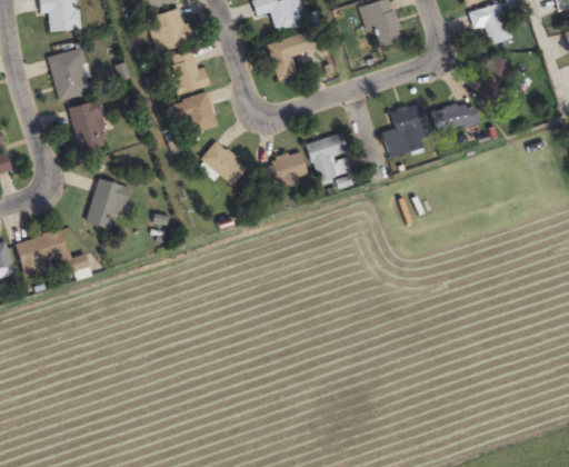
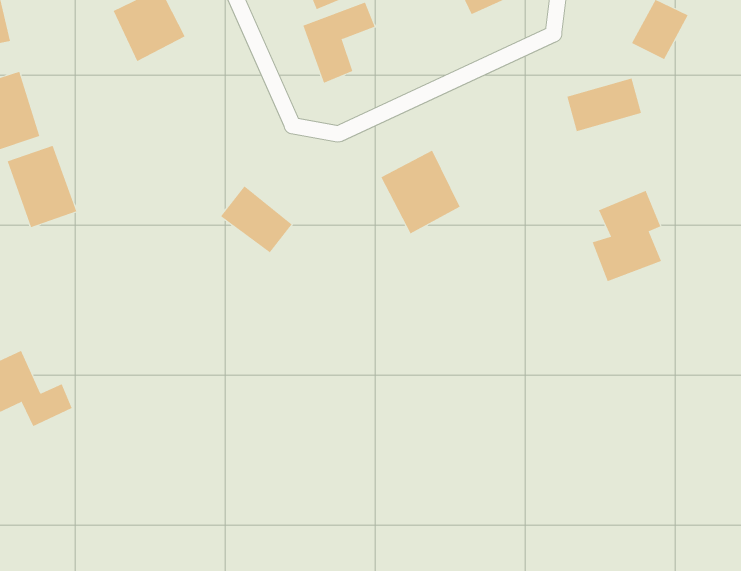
building: [168,49,210,95] -> none
building: [174,92,218,136] -> none
building: [382,102,428,158] -> [592,190,662,282]
building: [258,152,308,192] -> none
building: [87,178,129,230] -> none

